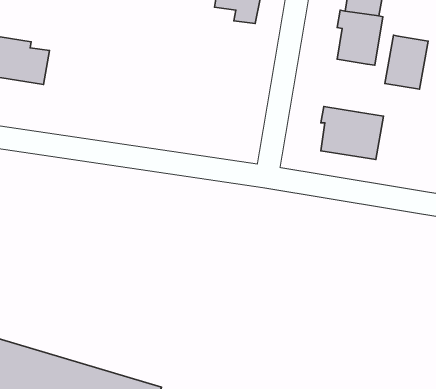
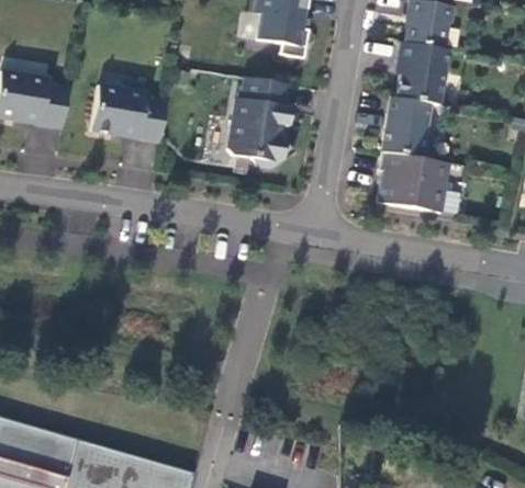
building: [385,35,428,89] -> [381,98,431,159]
building: none -> [227,78,294,168]
building: none -> [91,84,167,141]

